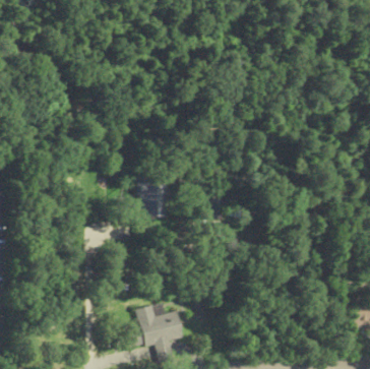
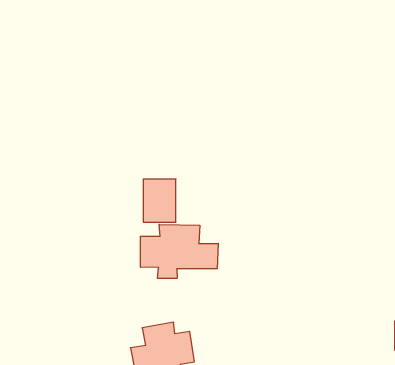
building: none -> [141,224,218,278]

